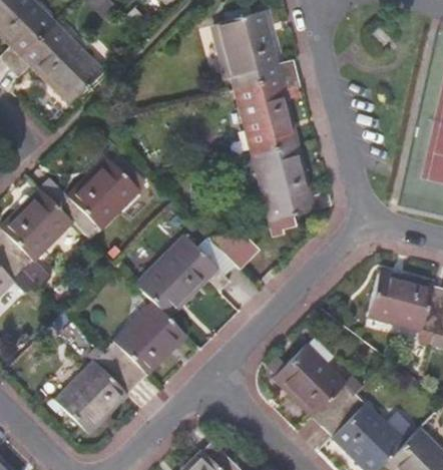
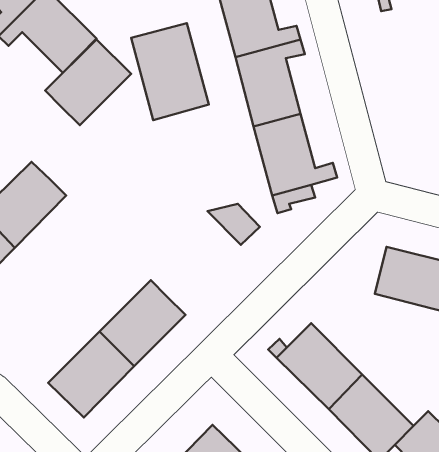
building: none -> [131,23,209,120]
building: [57,157,139,240] -> [45,39,131,125]
building: [135,236,230,318] -> none

